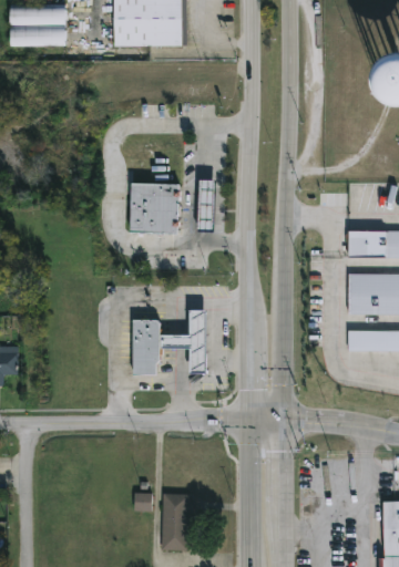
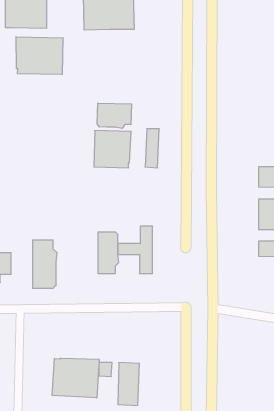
building: none -> [16,37,63,75]
building: none -> [97,103,131,128]
building: none -> [33,240,57,288]
building: none -> [52,358,99,398]

